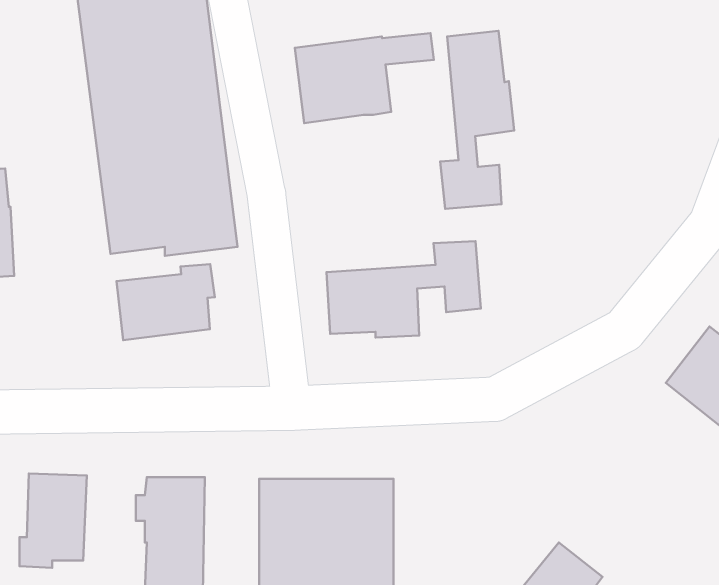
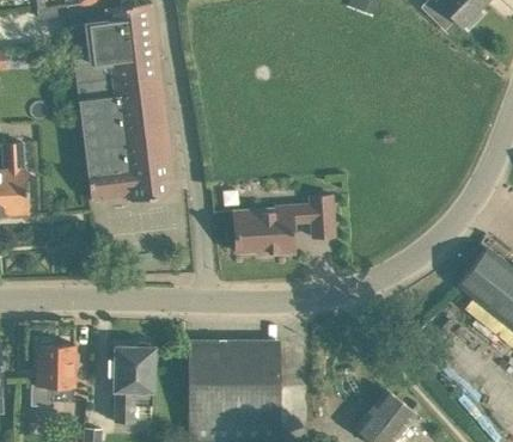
building: [440,31,514,209] -> none
building: [295,33,434,123] -> none
building: [116,264,215,340] -> none

